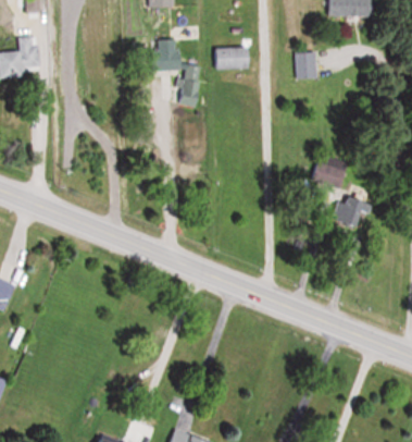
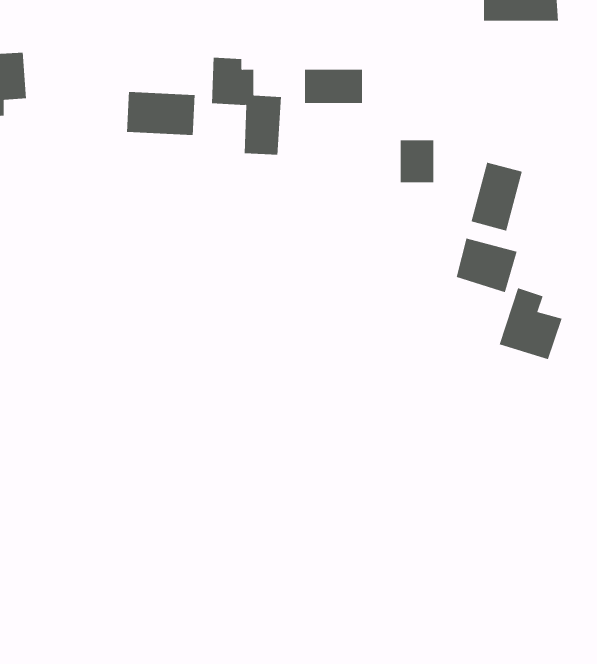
building: [295,52,316,79] -> [400,140,434,183]
building: none -> [126,91,195,136]
building: none -> [471,162,523,231]

